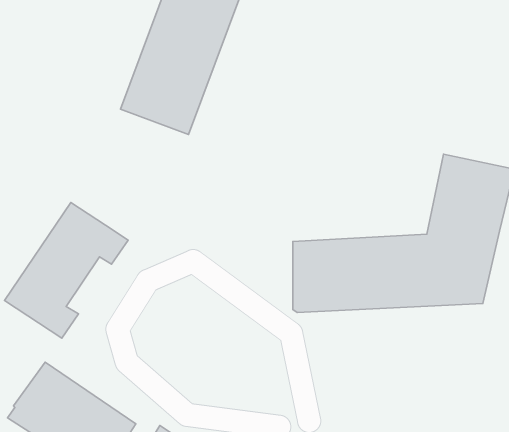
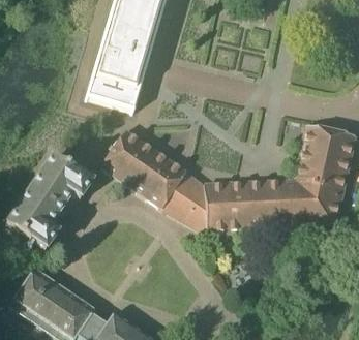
building: none -> [99,128,202,229]

